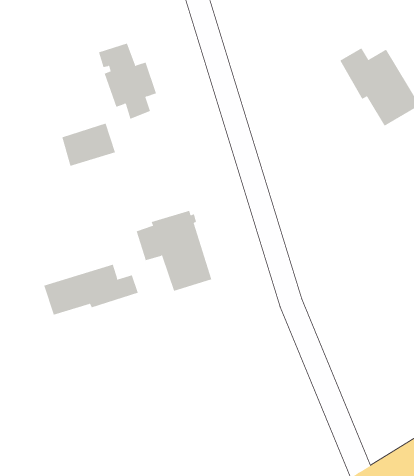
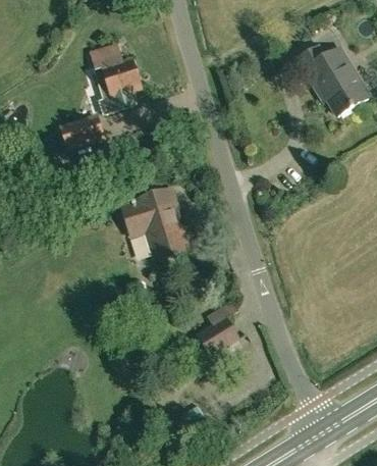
building: [44,264,138,315] -> none
building: none -> [197,300,237,354]

